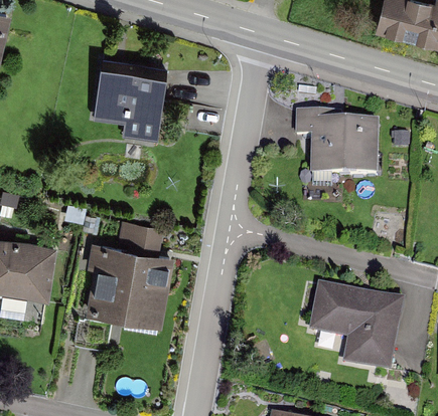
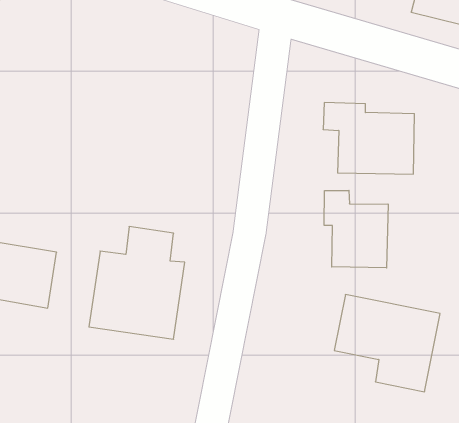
building: [95,62,164,141] -> none
building: none -> [324,190,388,268]

